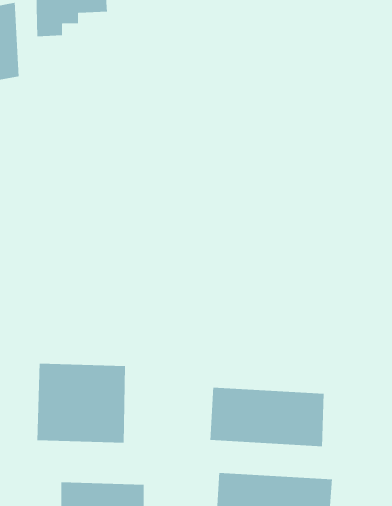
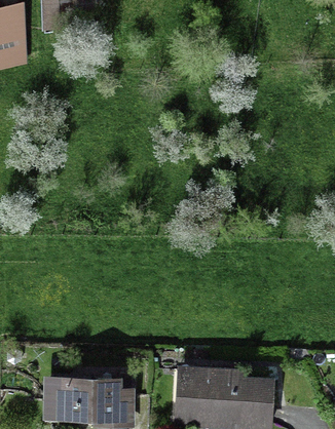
building: [37,363,126,444] -> none
building: [209,387,324,447] -> none

